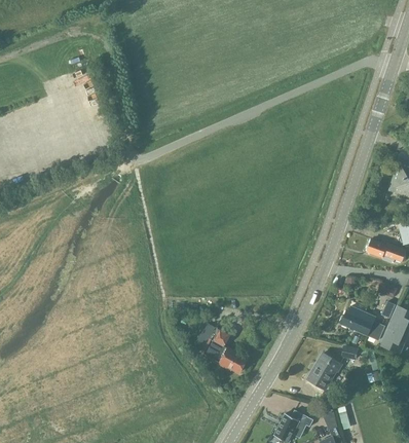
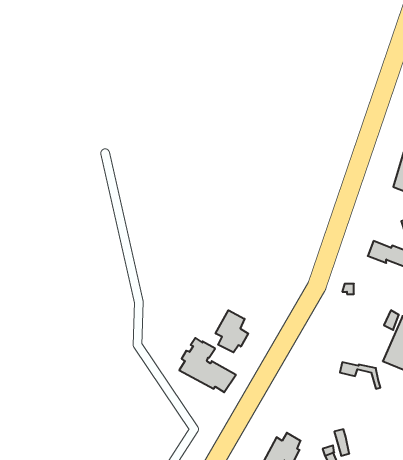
building: none -> [216,310,248,352]
building: [340,306,384,340] -> none
building: [306,353,342,391] -> none

